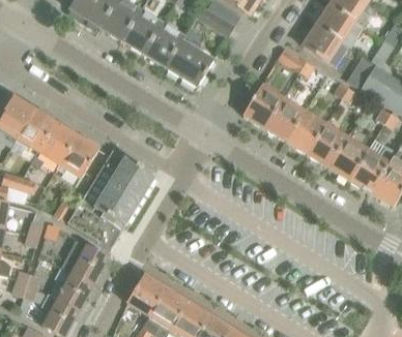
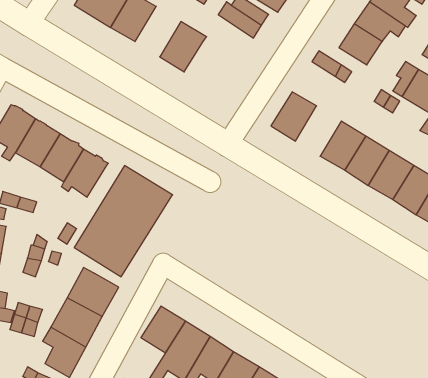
building: [122,8,163,53] -> none
building: [166,39,213,85] -> none
building: [264,96,305,141] -> none

